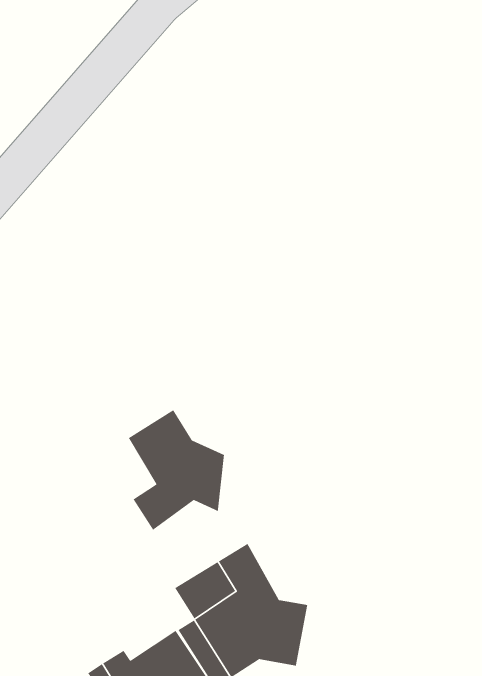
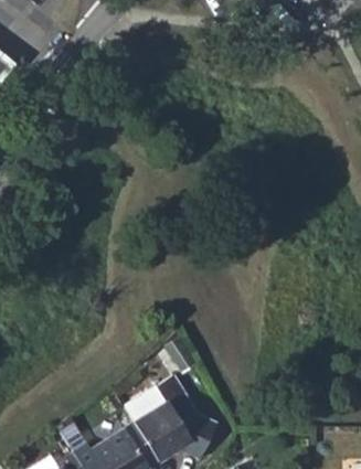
building: [128,409,225,531] -> none

